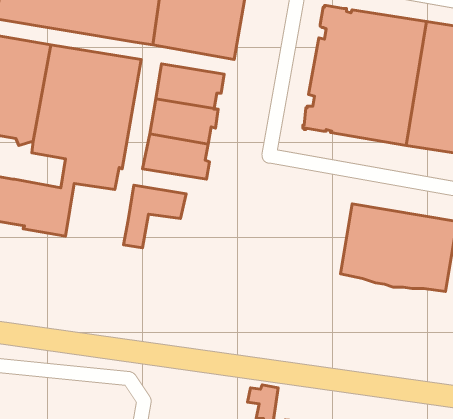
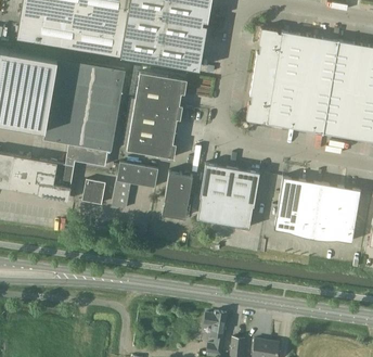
building: none -> [196,164,260,230]
building: none -> [163,171,193,218]
building: none -> [82,180,105,205]

